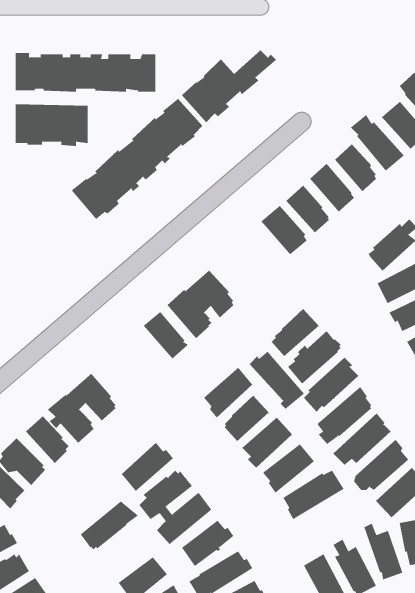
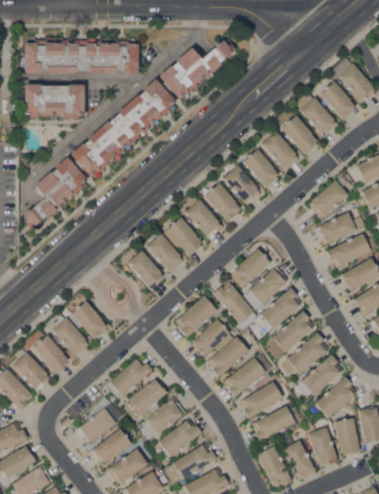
building: none -> [24,156,88,230]
building: none -> [205,184,240,223]
building: none -> [185,200,223,239]
building: none -> [253,403,301,442]
building: none -> [92,429,131,463]

